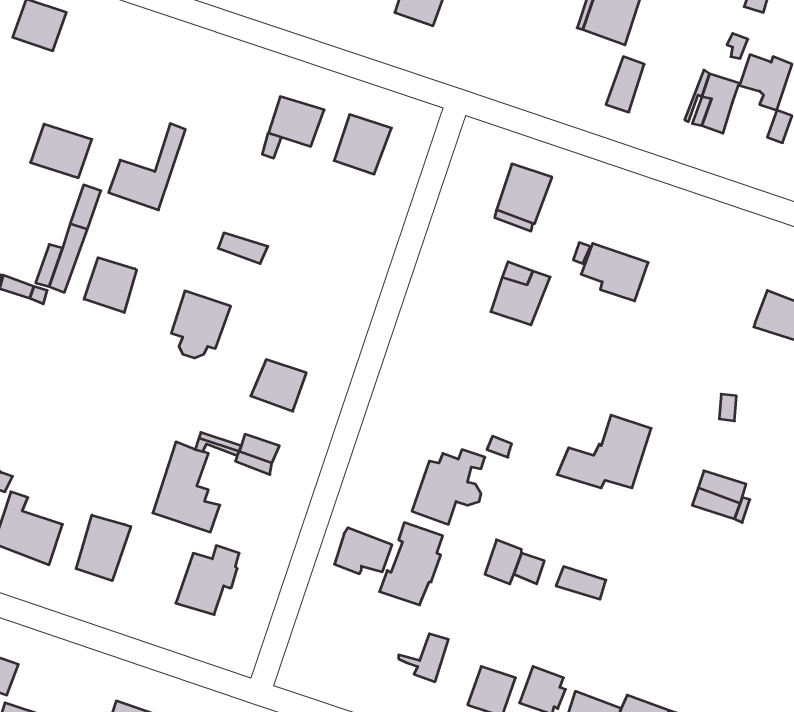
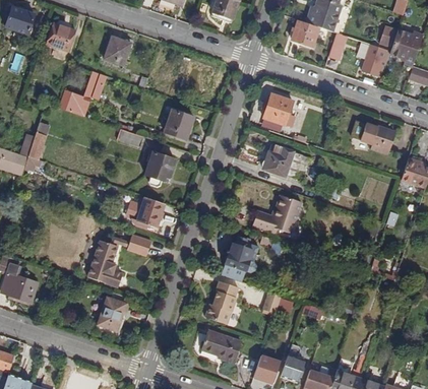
building: none -> [291,17,319,43]
building: [269,97,324,146] -> [105,37,134,63]
building: [334,115,392,174] -> [169,110,199,141]
building: [30,124,92,178] -> [48,19,80,48]
building: [581,243,648,301] -> [361,122,396,152]
building: [84,258,137,313] -> none
building: [171,291,231,358] -> [144,148,176,184]
building: [557,415,651,488] -> [252,195,302,234]
building: [76,515,131,581] -> none
building: [334,528,392,574] -> [199,331,230,355]

